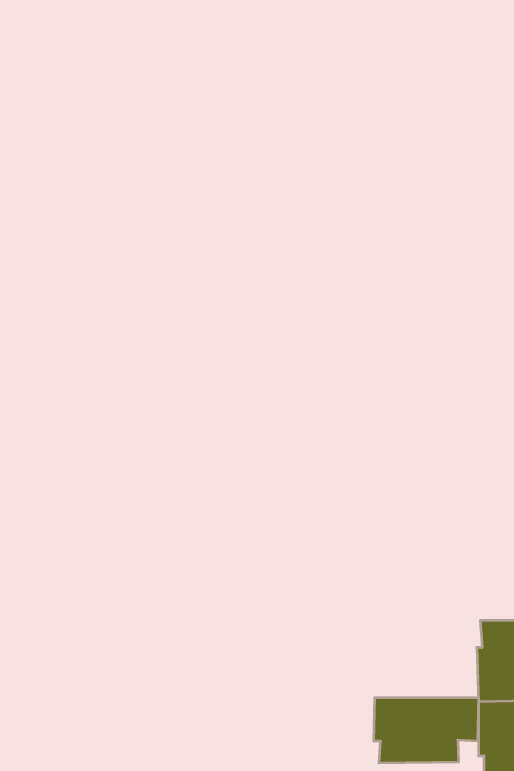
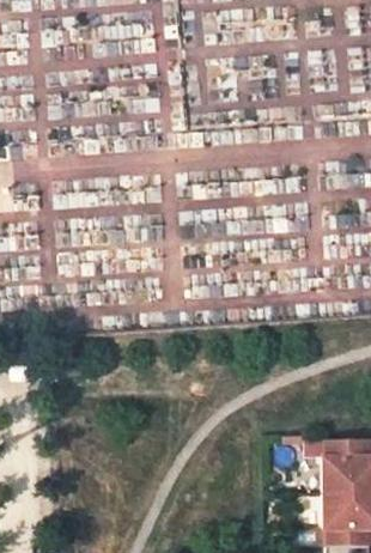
building: [374,698,478,763] -> none

